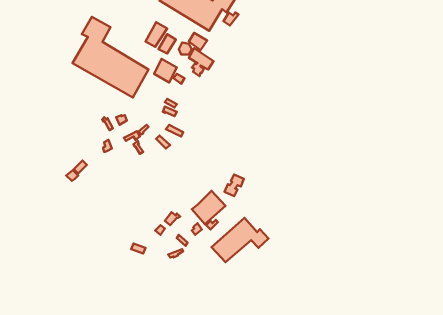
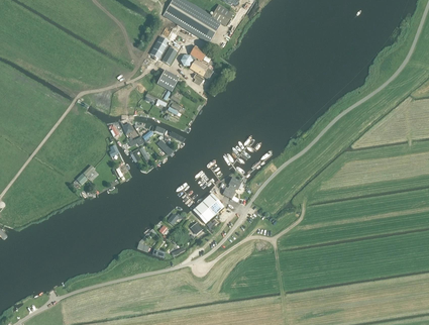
building: [73,17,149,98] -> none
building: [212,218,268,262] -> none

